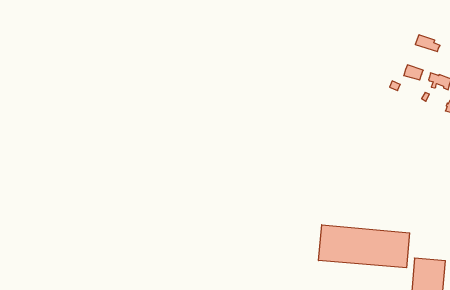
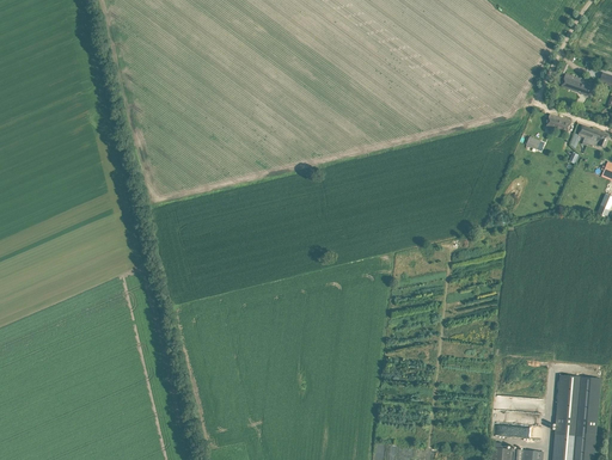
building: [319,225,410,268] -> none

